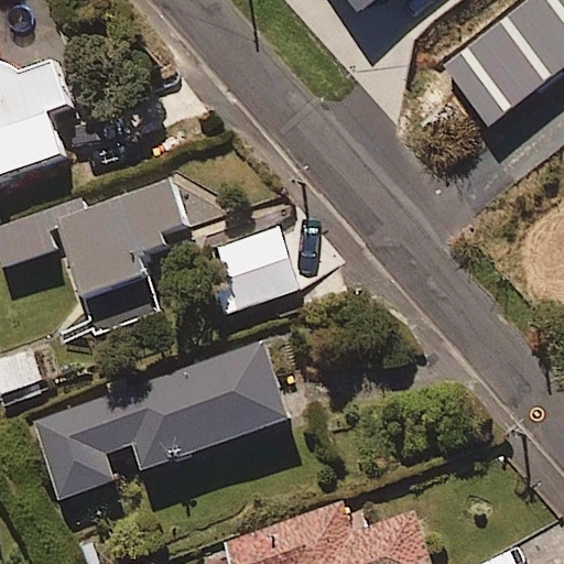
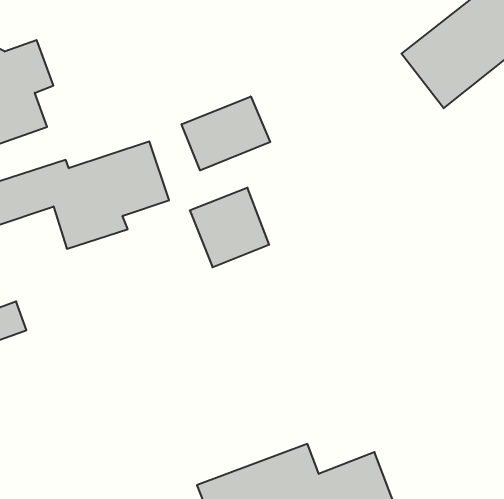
building: none -> [182,96,270,170]
building: [32,339,289,498] -> none

